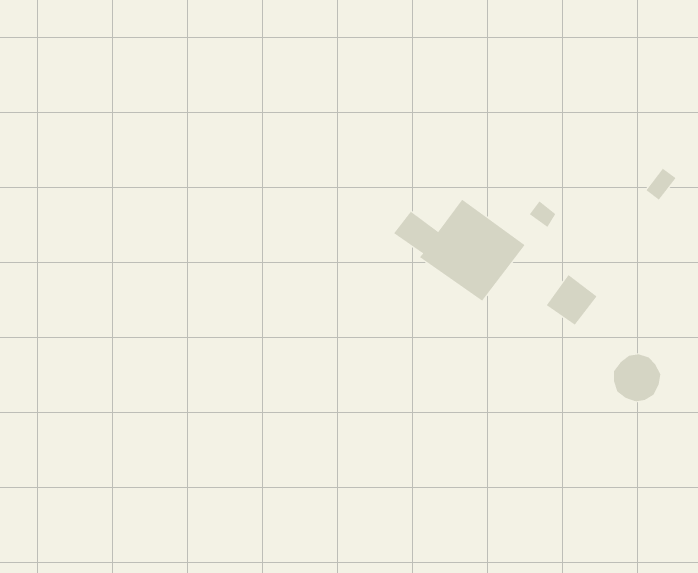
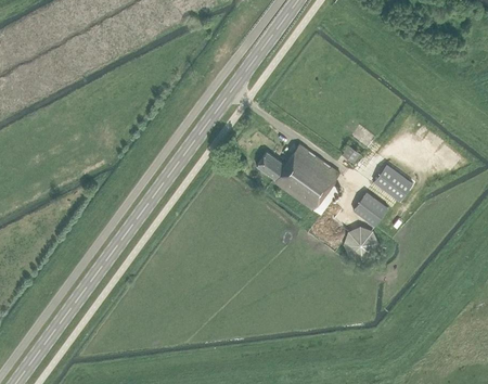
building: none -> [373,164,413,201]
building: [613,354,661,402] -> [346,227,376,257]

